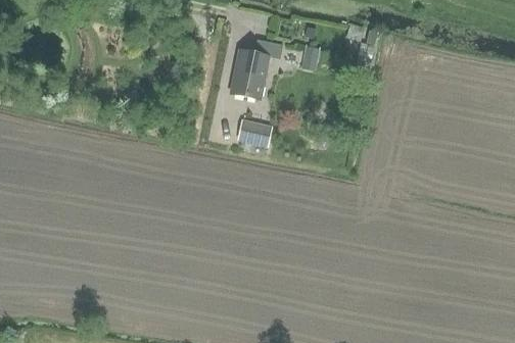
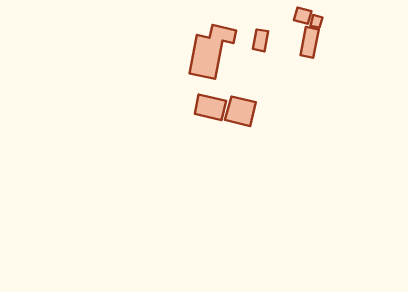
building: none -> [225,97,256,126]

